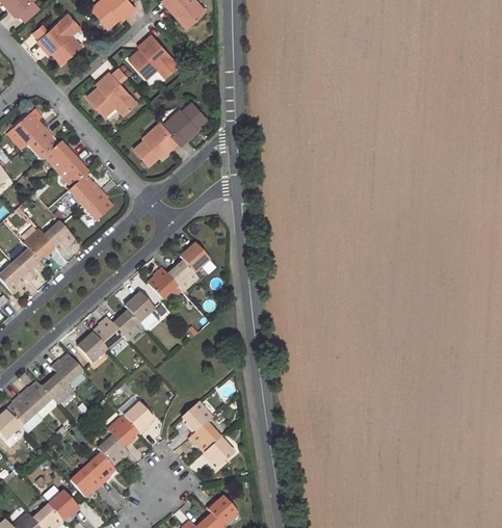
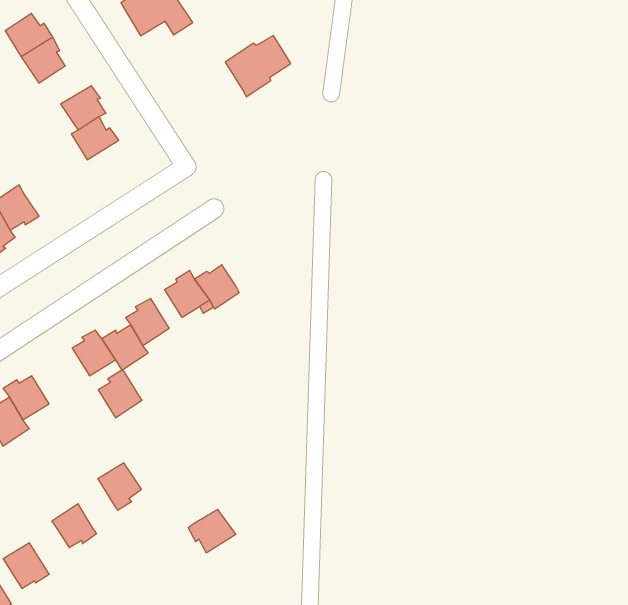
building: [133,122,178,165] -> none
building: [44,140,76,170] -> none
building: [81,188,112,221] -> none
building: [43,220,73,253] -> none
building: [179,240,209,272] -> none
building: [76,331,106,363] -> [98,370,142,418]
building: [181,402,212,434] -> none
building: [107,416,137,448] -> none
building: [202,438,234,468] -> none
building: [84,452,115,484] -> none

